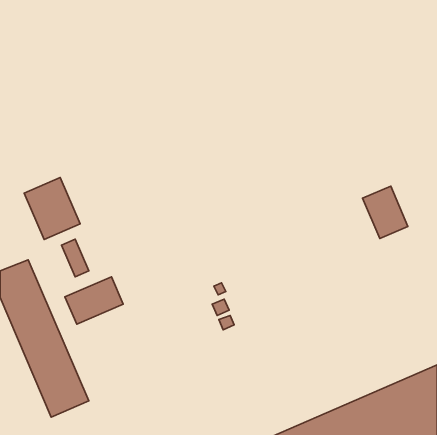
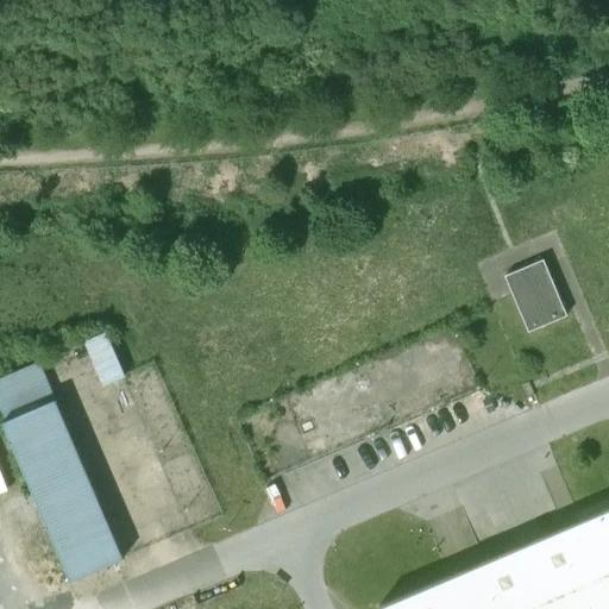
building: [24,178,80,240] -> none
building: [65,277,123,324] -> none

